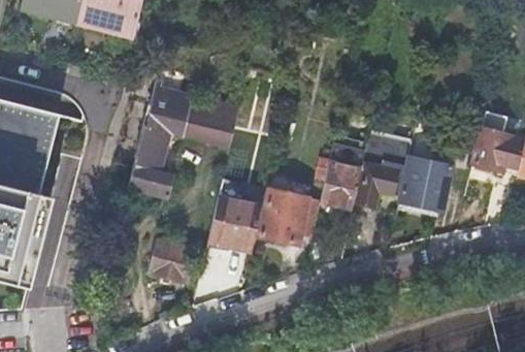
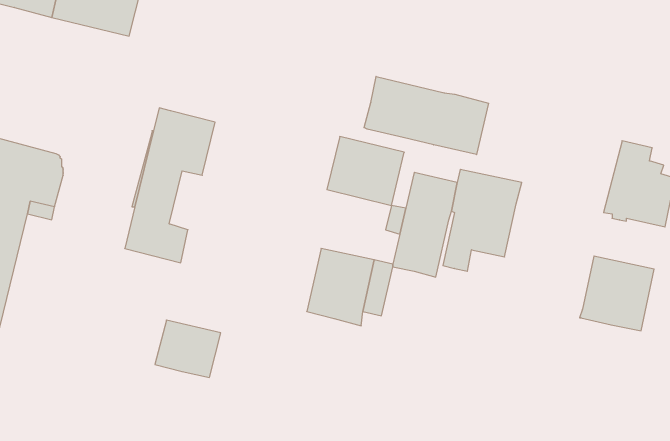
building: none -> [364,76,488,155]
building: [183,98,238,148] -> [327,137,404,205]
building: [398,157,452,211] -> [580,256,654,331]
building: [207,195,260,251] -> none

